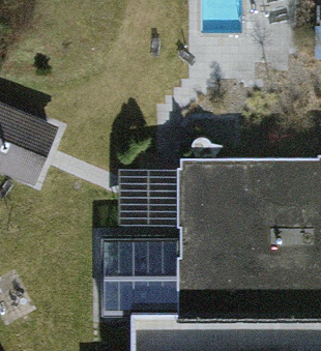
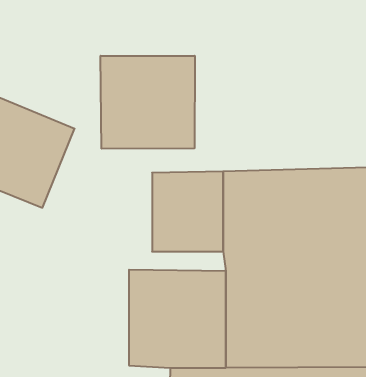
building: none -> [101,56,195,149]

